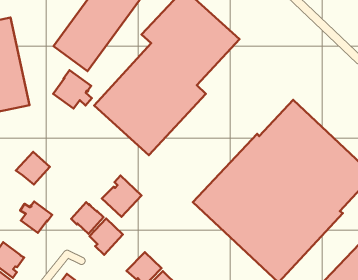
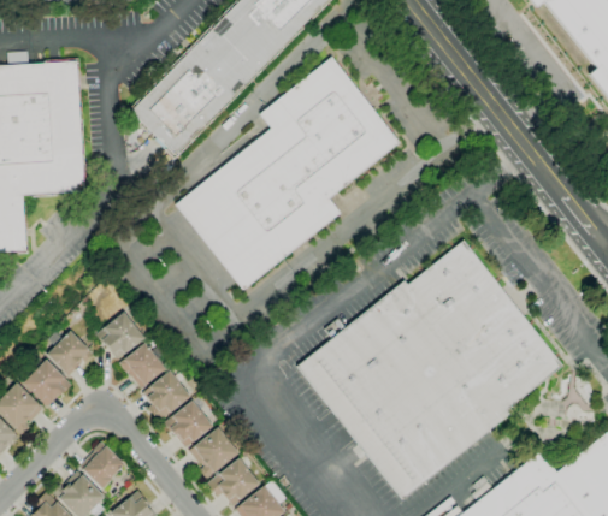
building: [53,70,92,109] -> none
building: [16,152,50,184] -> [95,313,144,360]
building: [102,175,142,217] -> none
building: none -> [23,360,71,408]
building: none -> [164,401,213,447]

